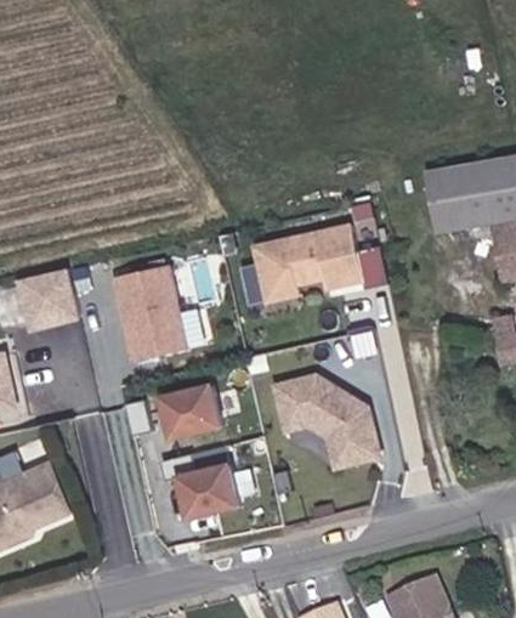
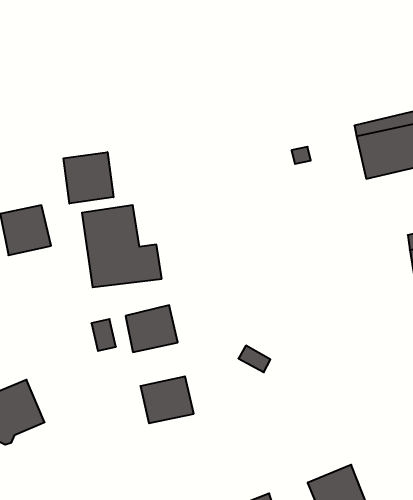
building: none -> [64,152,113,204]
building: [254,223,389,300] -> none
building: [277,374,379,465] -> none

